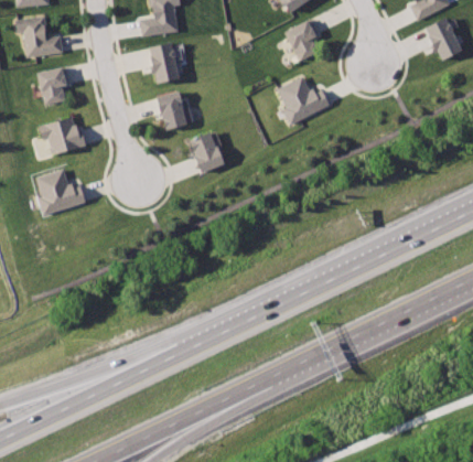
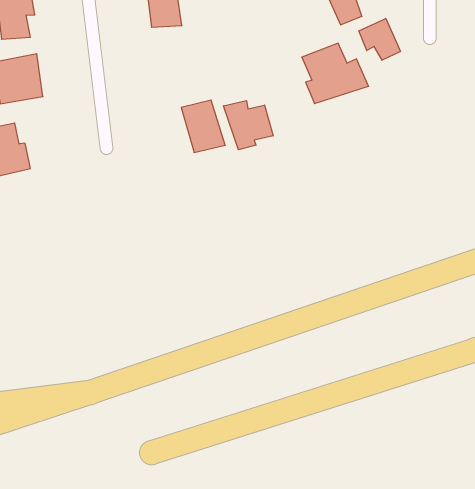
building: none -> [359,18,400,60]
building: [157,92,187,129] -> none
building: none -> [223,101,273,150]

